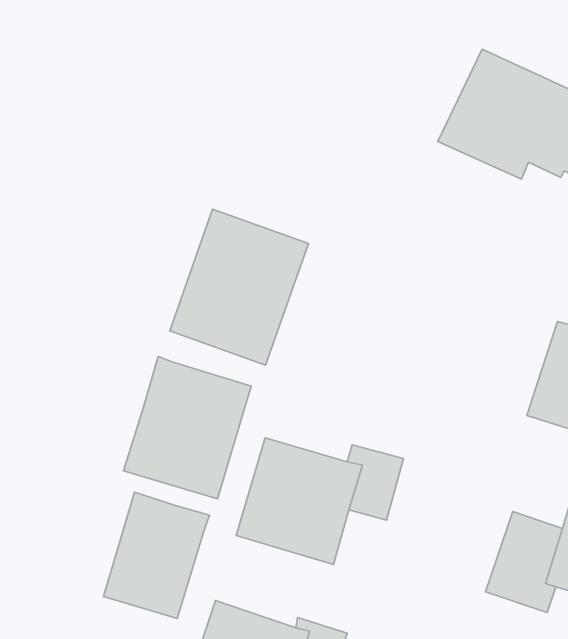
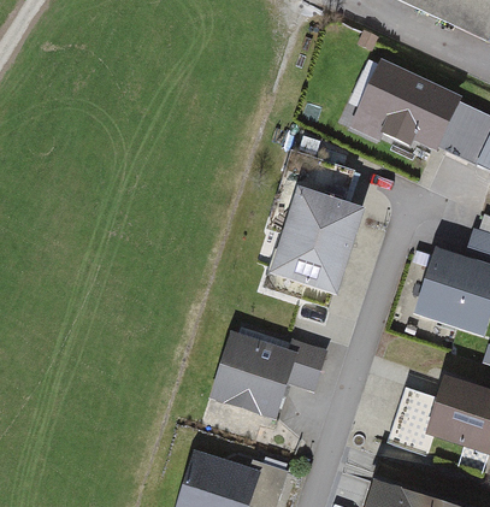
building: [170,209,308,365] -> [265,191,362,301]
building: [124,356,251,499] -> none
building: [104,492,209,618] -> none

